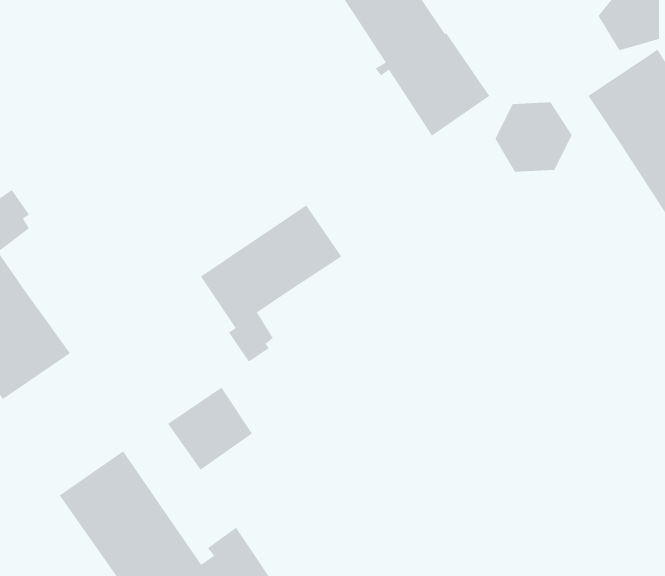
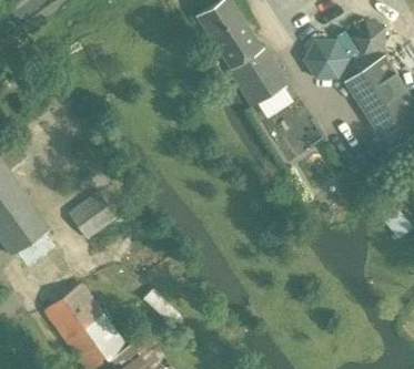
building: [495,102,573,172] -> [303,40,347,80]
building: [200,204,342,363] -> none
building: [167,387,253,471] -> [68,192,117,239]

